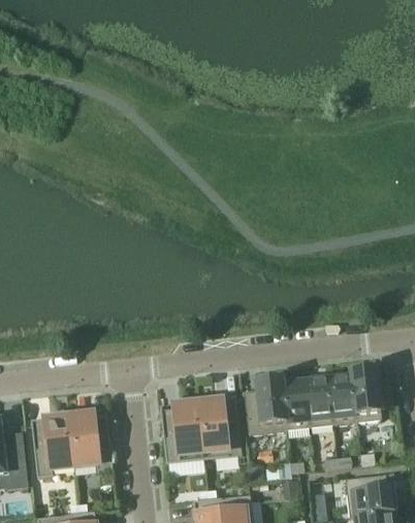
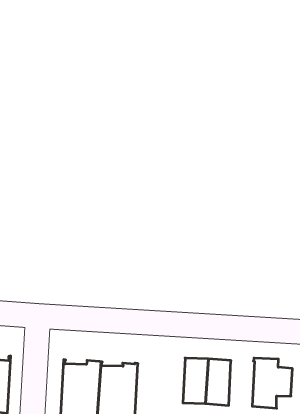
building: [327,377,356,425] -> none
building: [243,381,286,434] -> none

